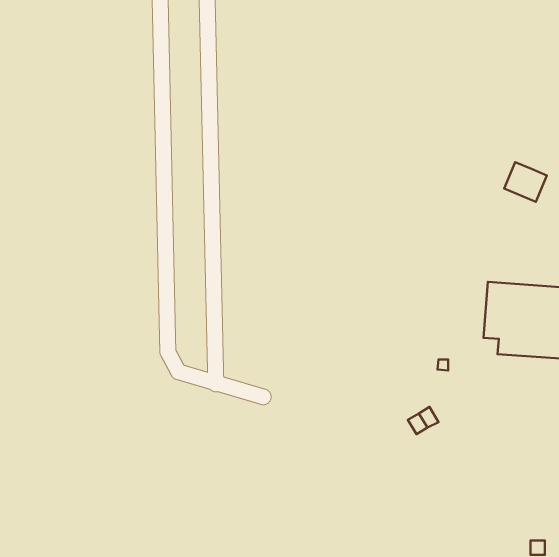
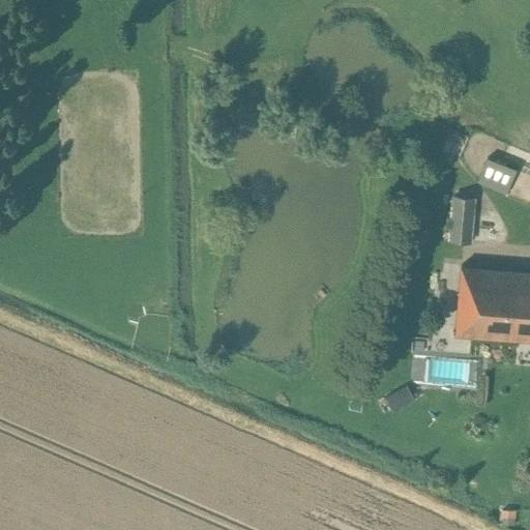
building: none -> [451,197,475,237]

